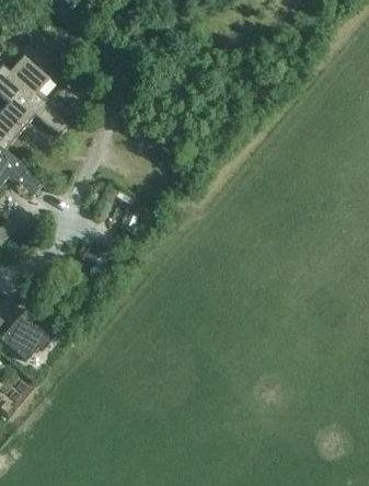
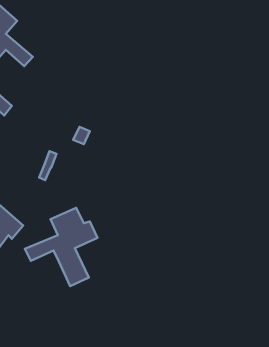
building: none -> [25,208,97,286]

